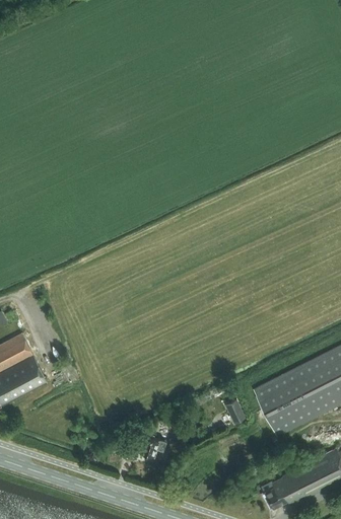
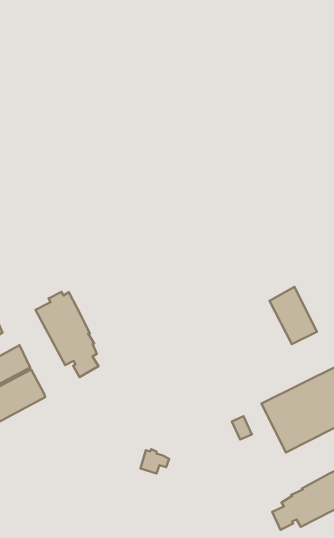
building: none -> [270,287,317,344]
building: none -> [35,292,98,377]

